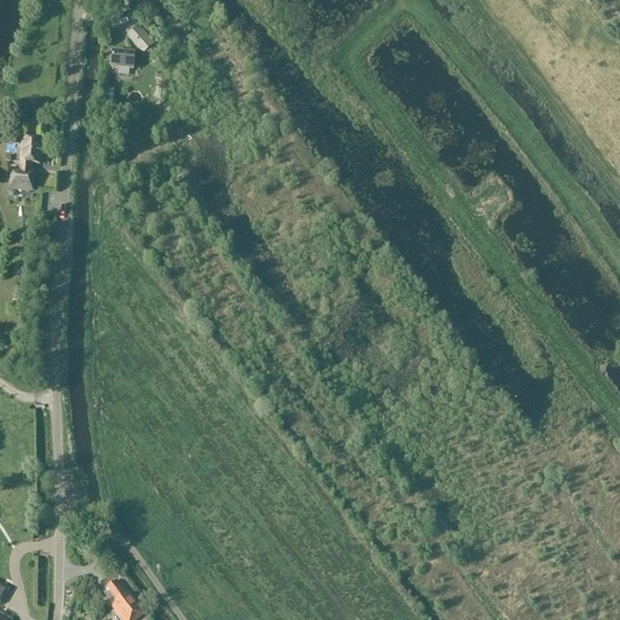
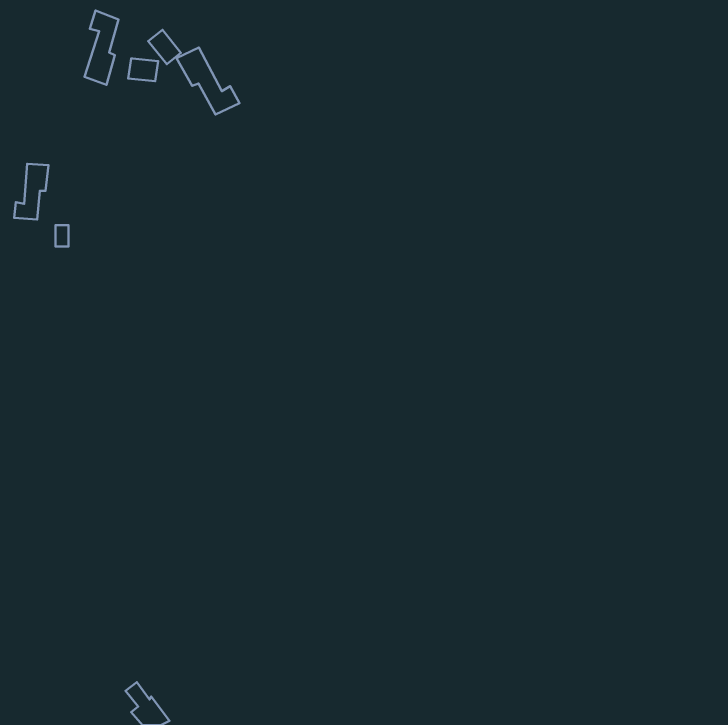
building: none -> [85,11,119,85]
building: none -> [177,48,240,114]

